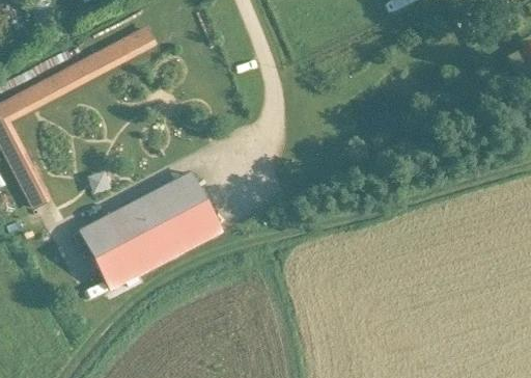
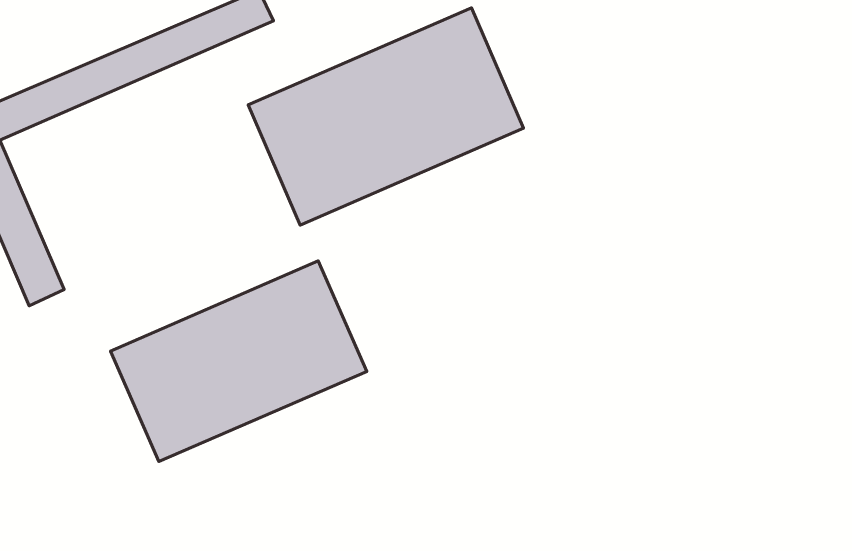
building: none -> [248,8,524,225]

